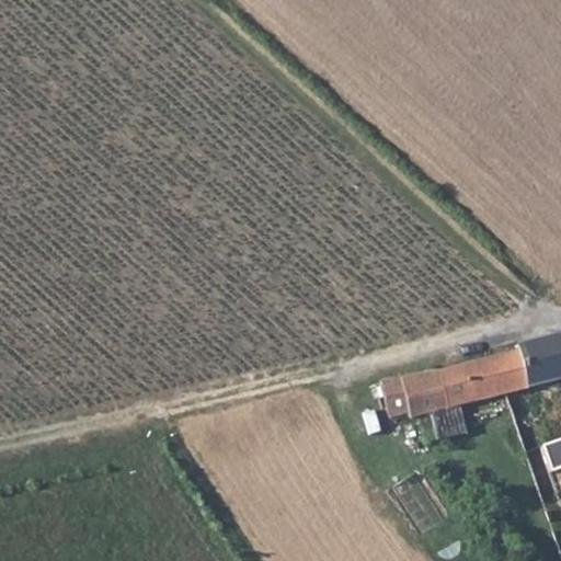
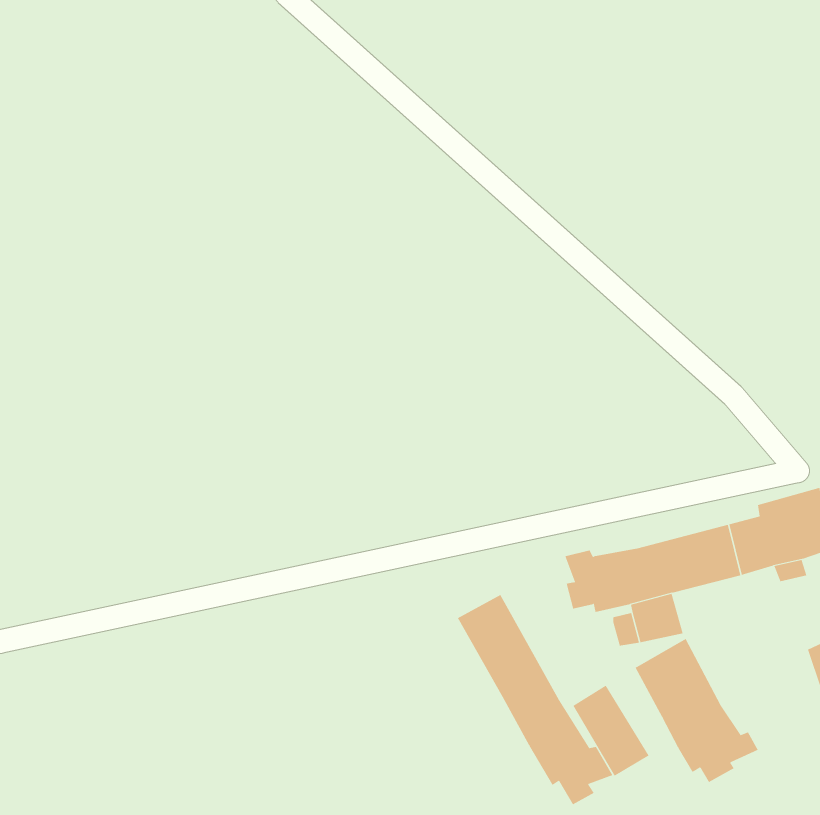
building: none -> [457,594,613,805]
building: none -> [635,638,758,783]

